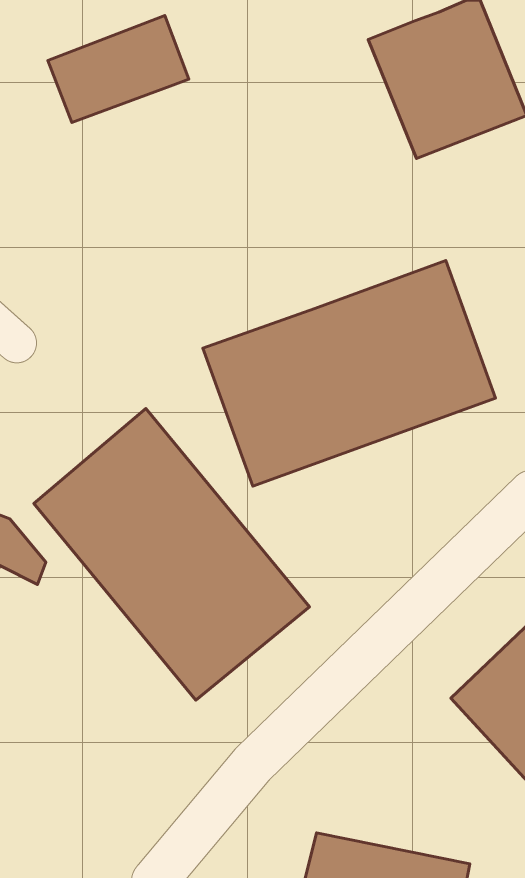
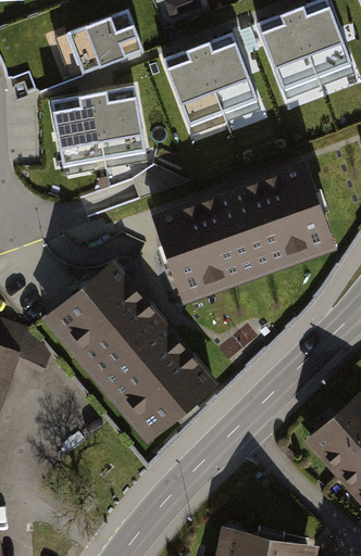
building: none -> [163,40,259,138]
building: none -> [51,87,147,176]

